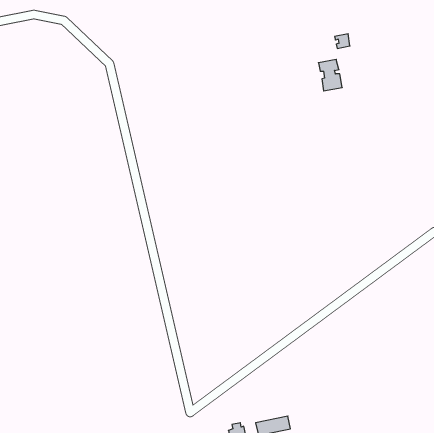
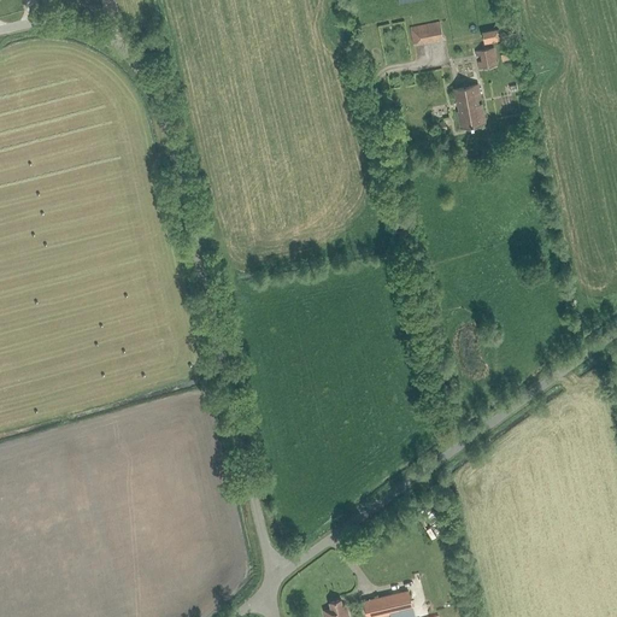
building: none -> [410,23,442,46]

